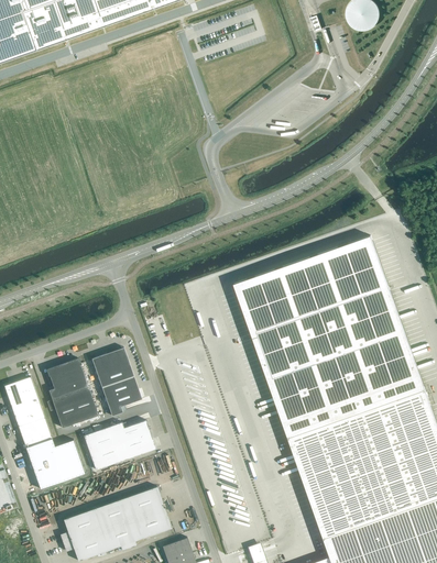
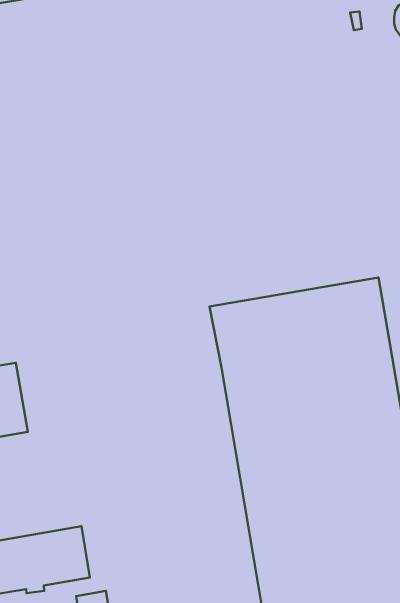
building: [90,347,141,416] -> none
building: [83,420,155,470] -> none

